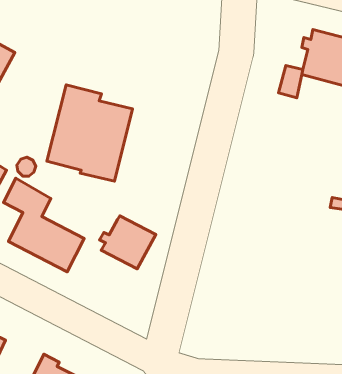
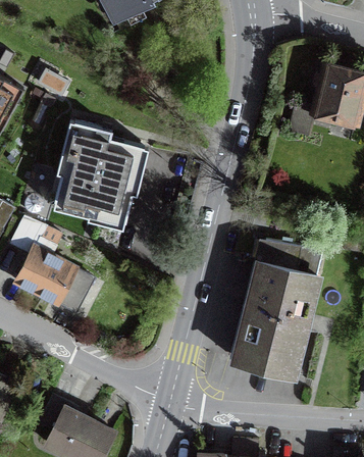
building: none -> [236,242,321,375]
building: [99,216,156,269] -> none

